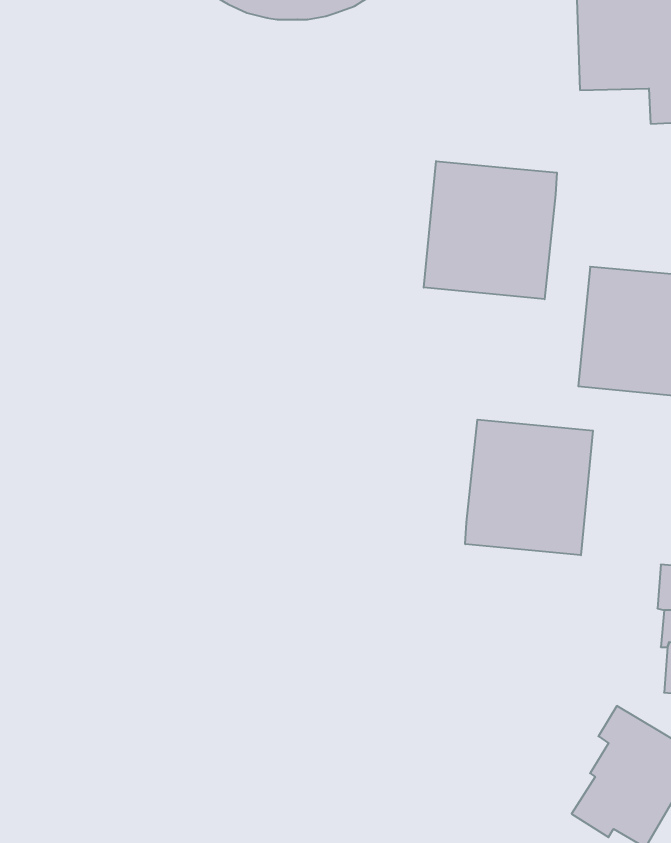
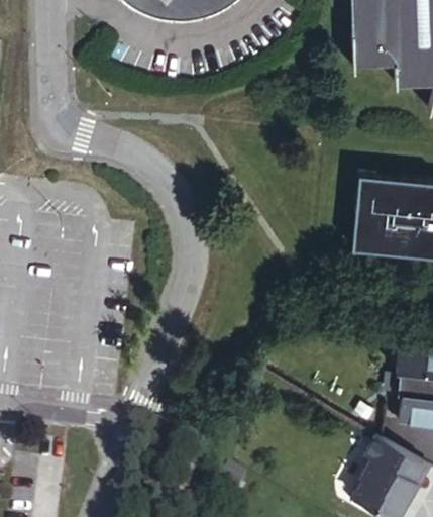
building: [424,161,557,299] -> none
building: [465,420,593,555] -> none

